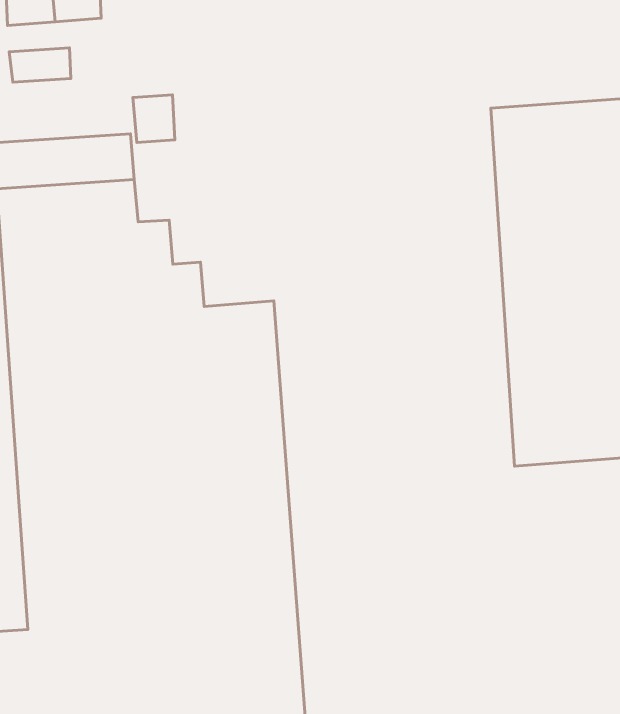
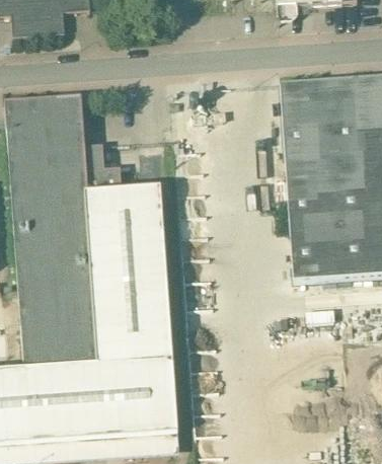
building: [9,48,71,82] -> none
building: [133,95,175,142] -> none

